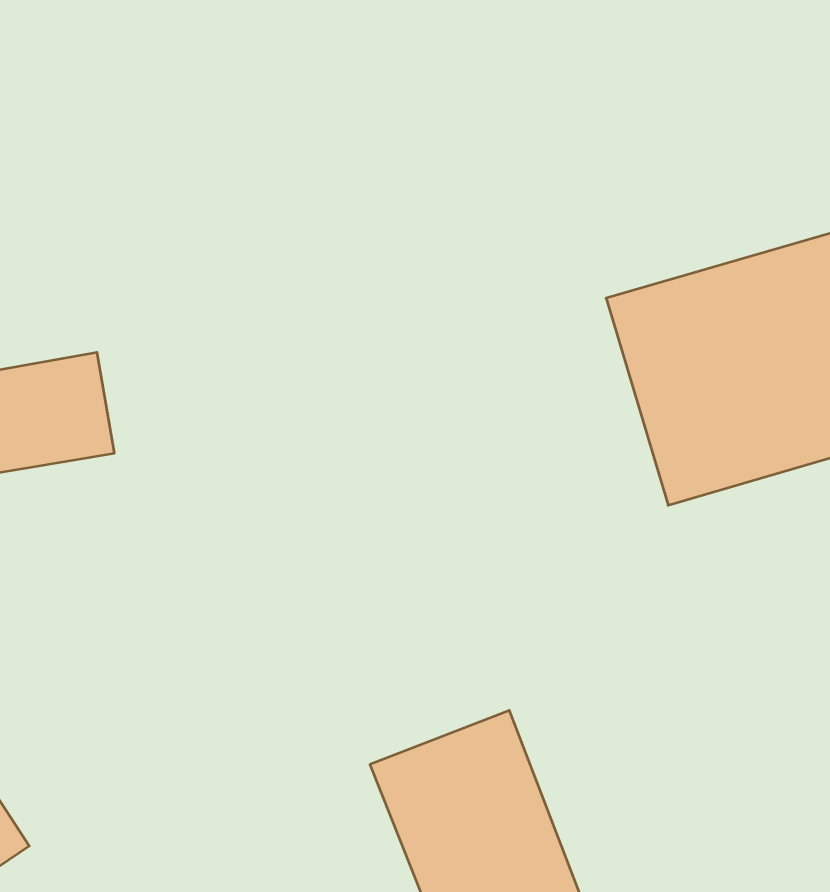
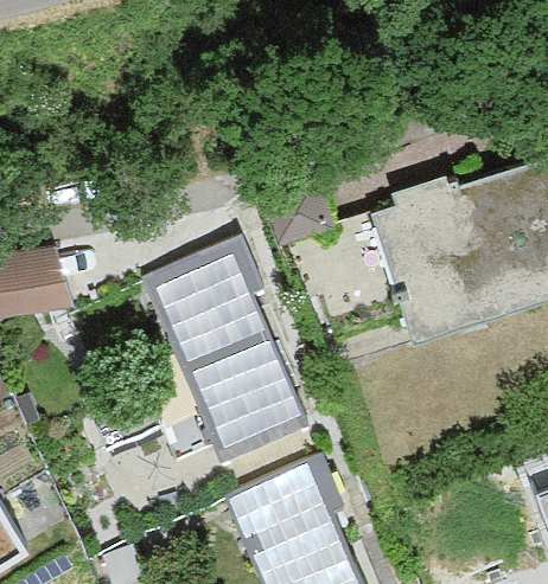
building: none -> [141,239,311,467]

